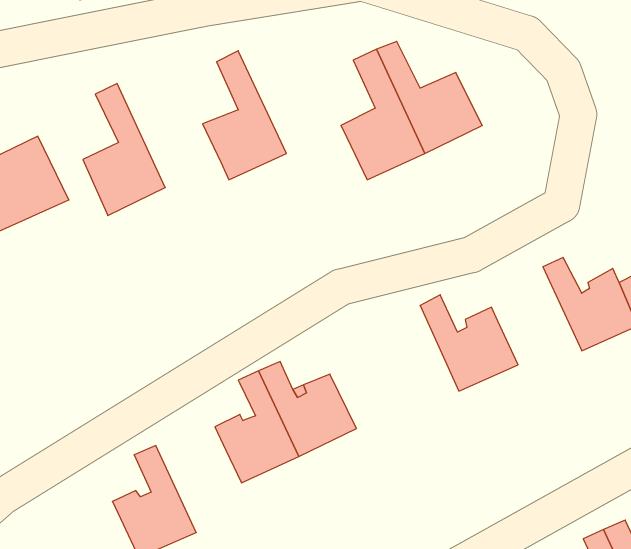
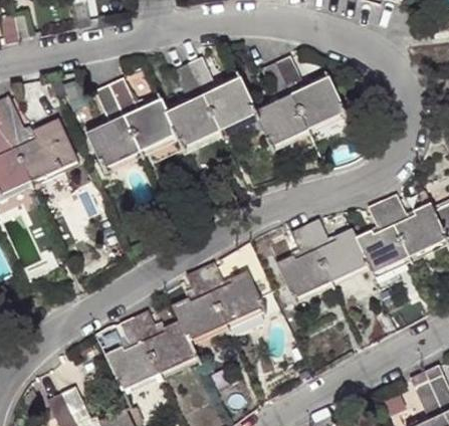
building: none -> [187,56,254,129]
building: none -> [108,78,176,151]
building: none -> [355,202,409,274]
building: none -> [276,227,329,299]
building: none -> [134,311,196,374]

